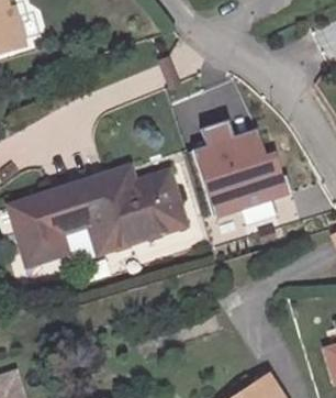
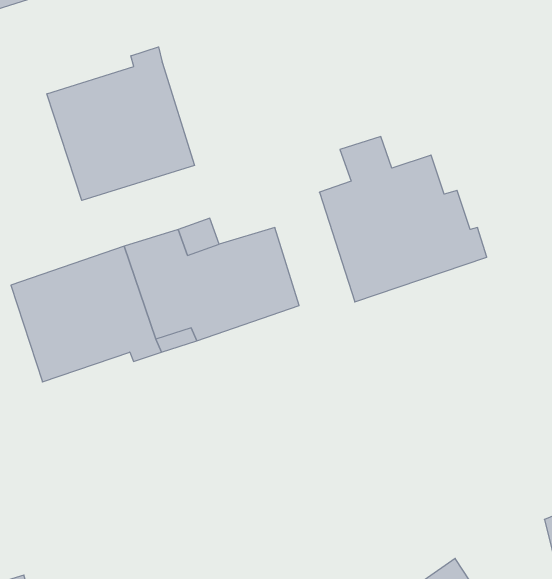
building: none -> [47,47,195,200]

